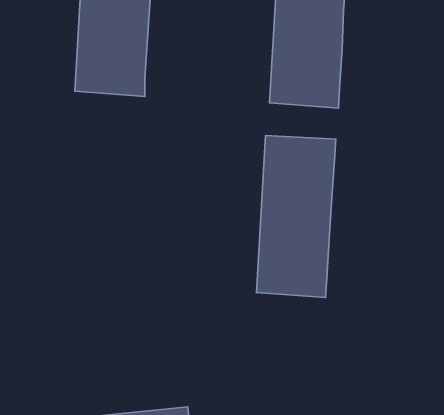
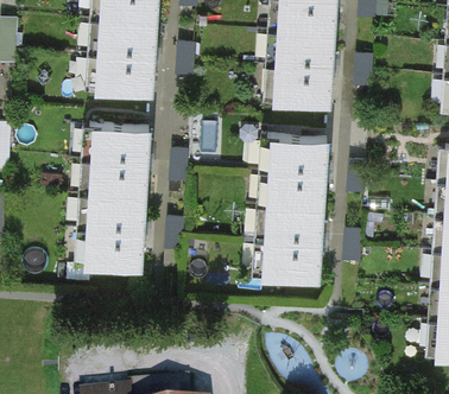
building: none -> [78,127,150,272]

